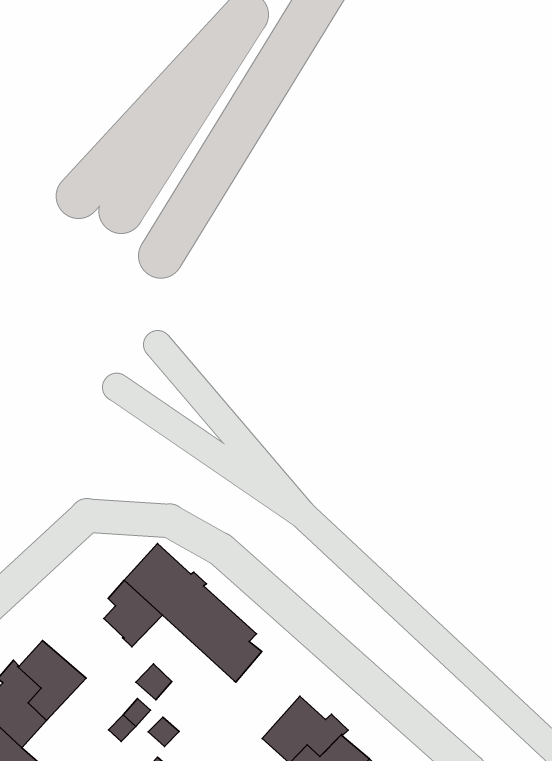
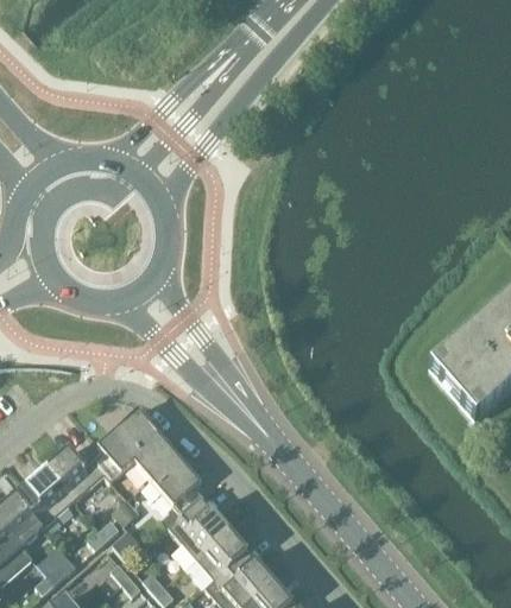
building: none -> [45,448,105,498]
building: none -> [168,493,227,556]

